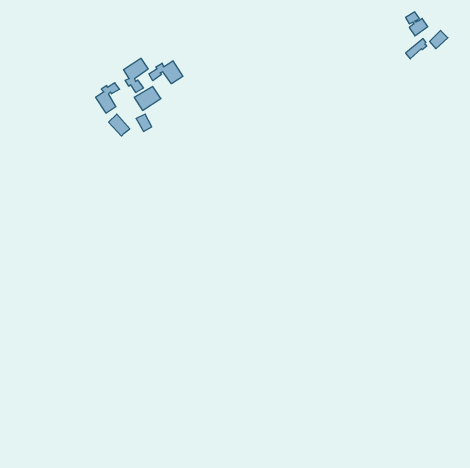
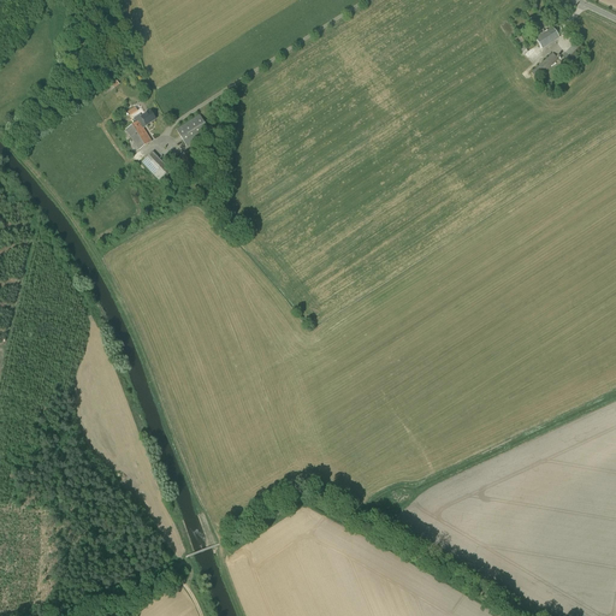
building: [124,58,148,93] -> none
building: [149,61,183,84] -> none

